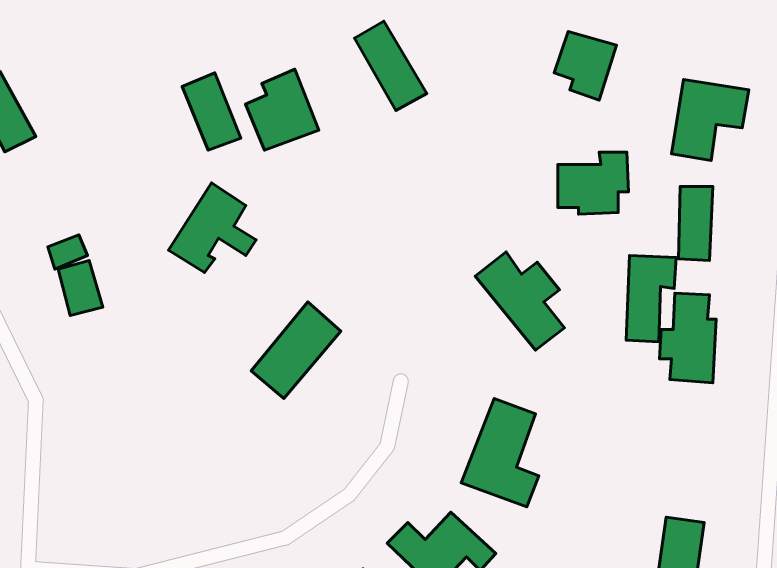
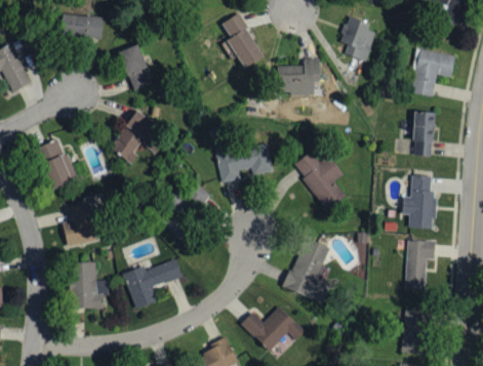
building: none -> [62,15,103,37]
building: [246,69,319,150] -> none
building: [558,152,629,214] -> [278,58,320,95]
building: none -> [214,140,273,182]
building: [626,256,676,342] -> [405,240,435,291]
building: none -> [63,203,99,246]
building: none -> [123,258,182,309]
building: none -> [74,262,108,309]

